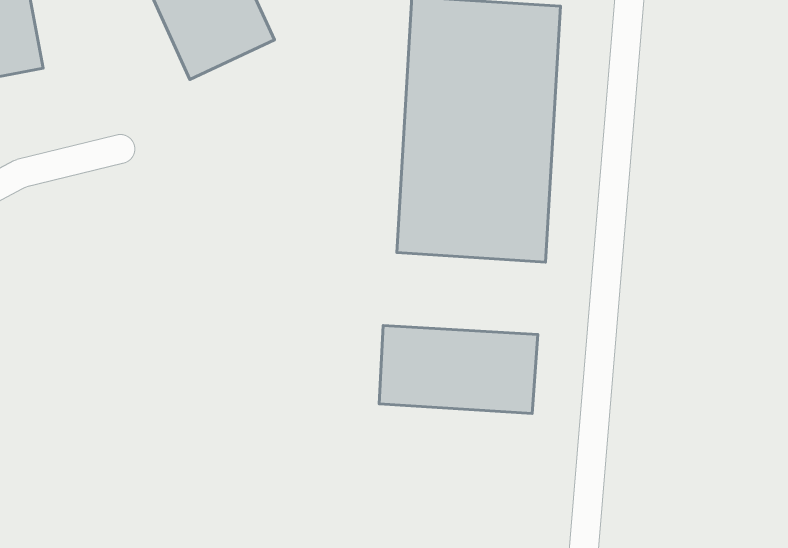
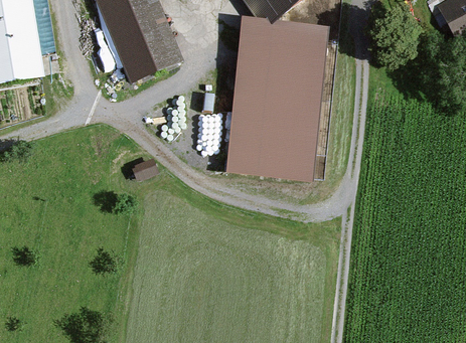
building: [379,325,538,413] -> none

